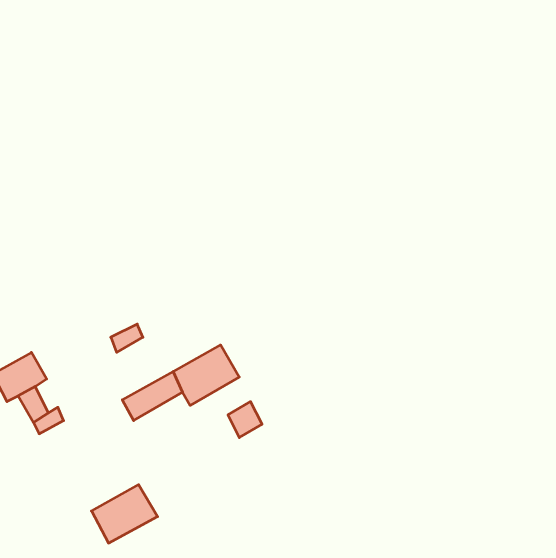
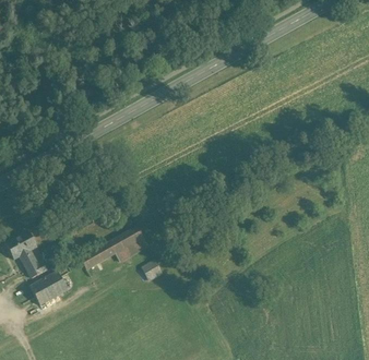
building: [91,485,158,543] -> [31,272,69,305]

